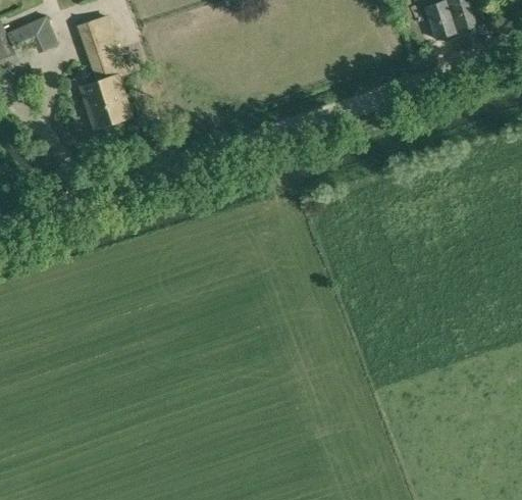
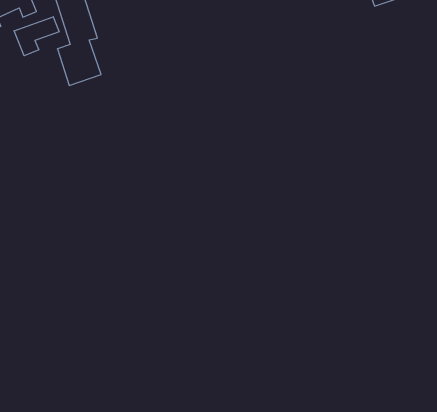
building: none -> [14,17,59,56]

